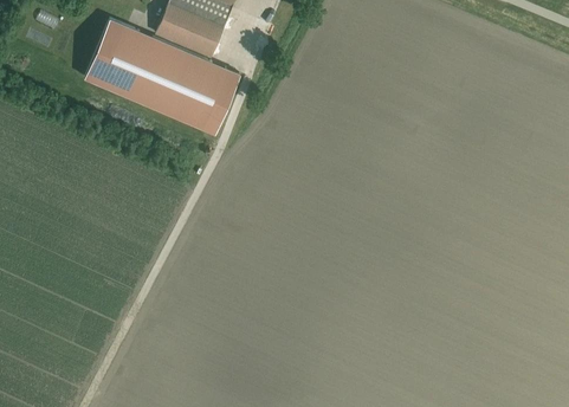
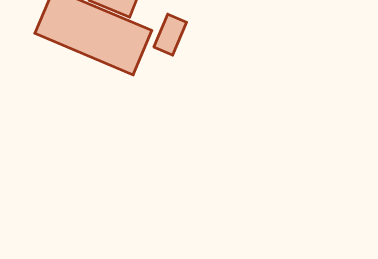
building: none -> [154,14,187,55]

